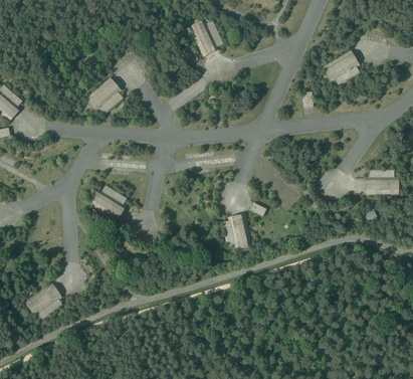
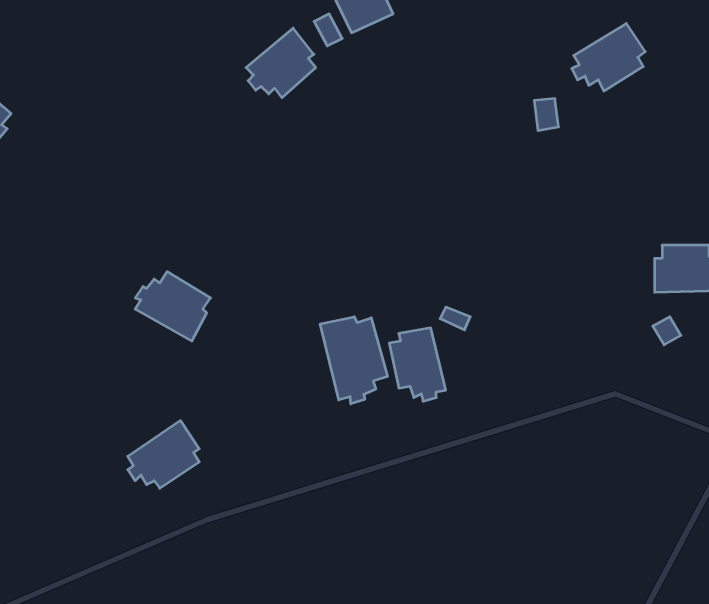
building: [84,77,122,115] -> [246,28,316,98]
building: none -> [320,317,387,404]
building: [23,282,61,319] -> [128,421,199,488]

